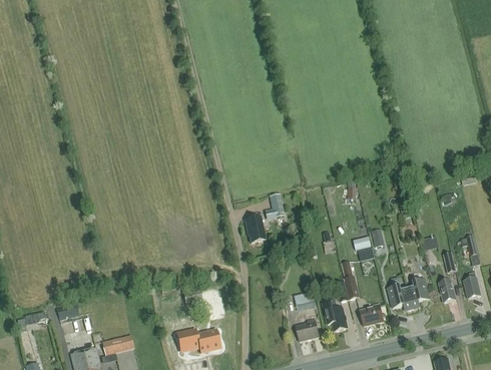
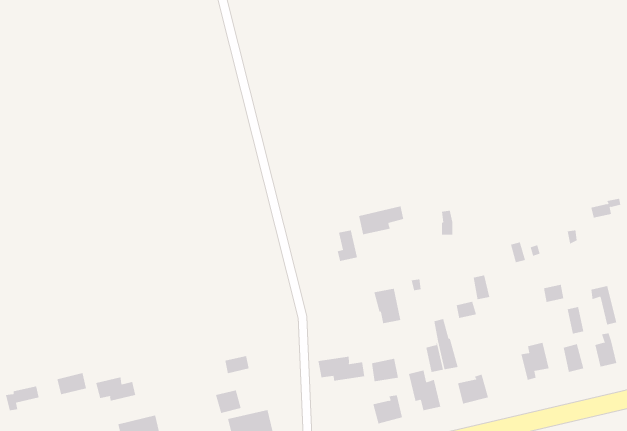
building: none -> [358,205,404,235]
building: [244,216,266,243] -> [373,288,401,324]
building: [388,285,413,310] -> none
building: none -> [318,356,365,382]
building: none -> [95,376,136,402]

